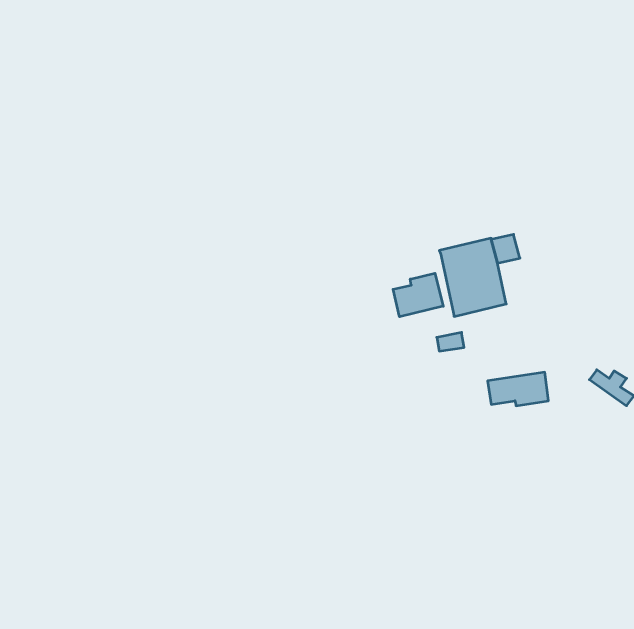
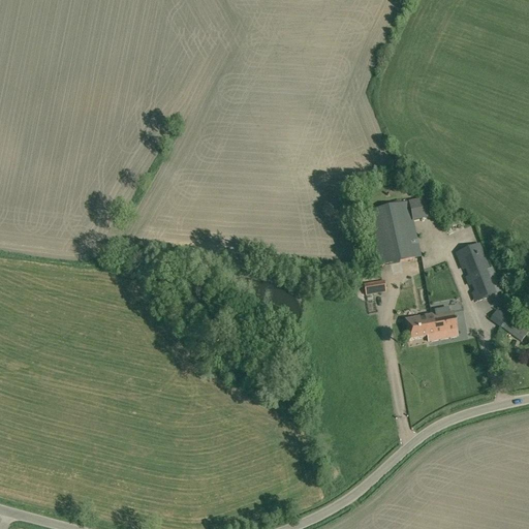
building: [393,273,443,317] -> none
building: none -> [457,242,494,300]

